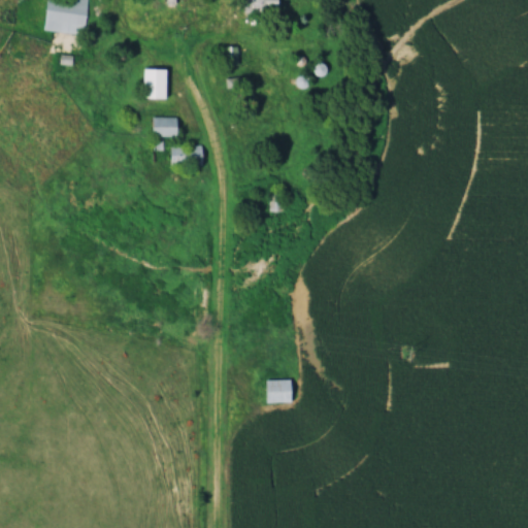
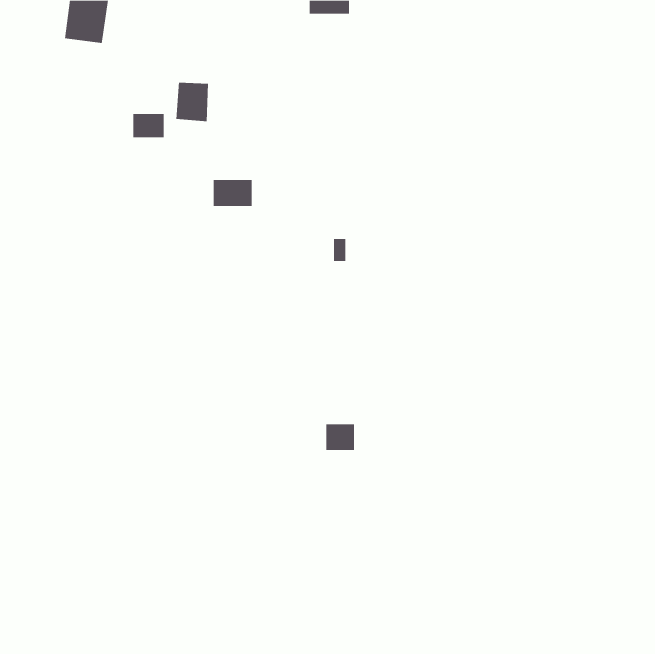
building: [154,117,179,136] -> [133,113,165,138]
building: [266,381,290,402] -> [325,424,355,451]

